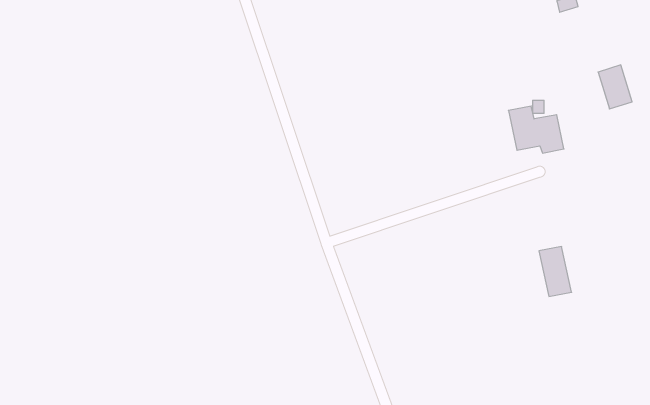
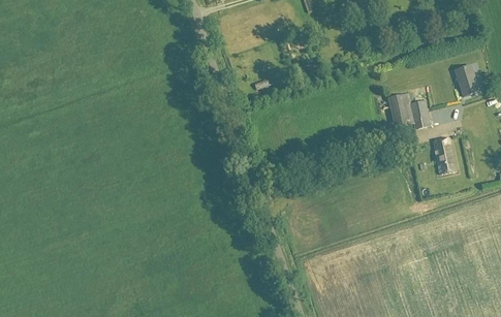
building: [539,247,572,296] -> [433,138,457,175]

